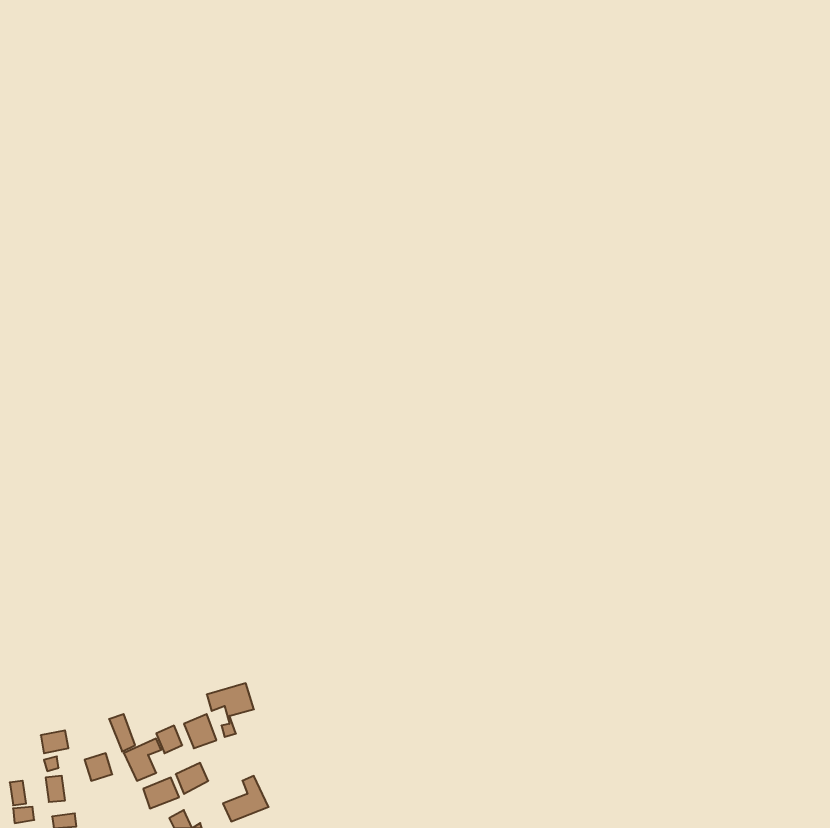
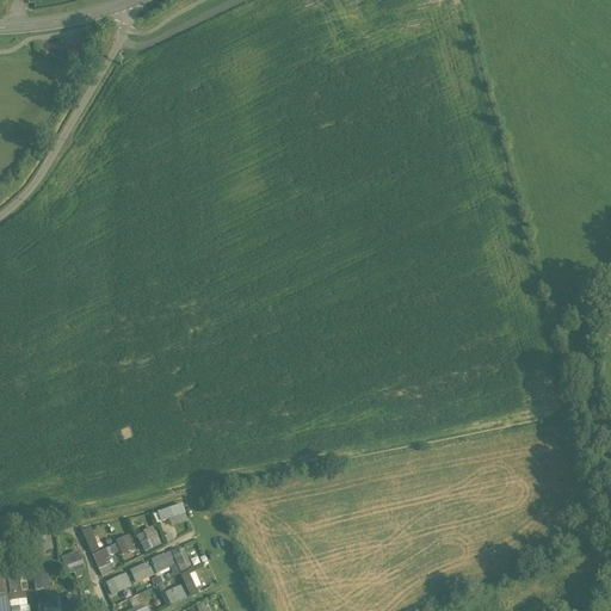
building: none -> [150,543,192,573]

